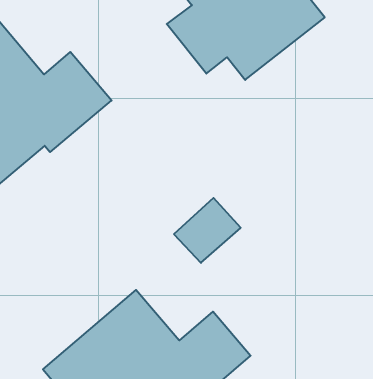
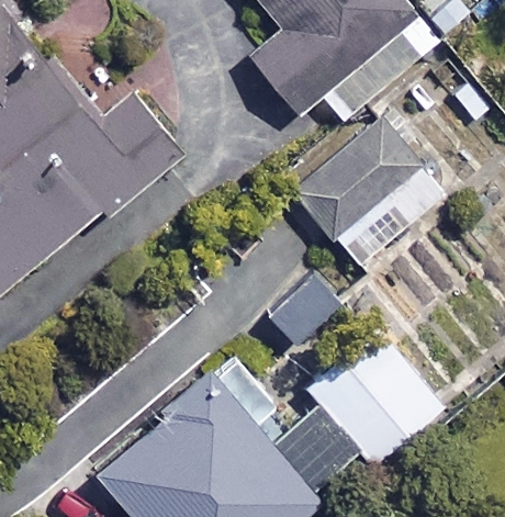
building: none -> [292,115,447,270]
building: none -> [308,328,444,464]

